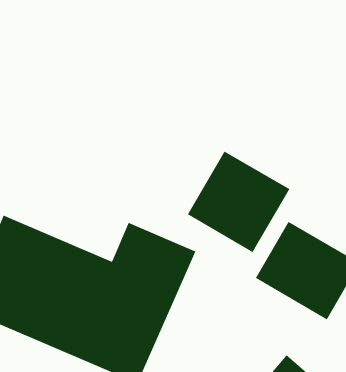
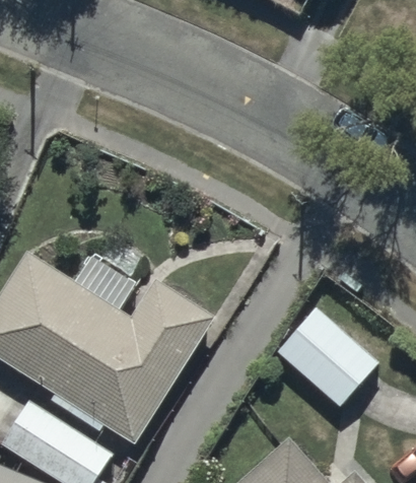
building: [187,150,290,253] -> none

